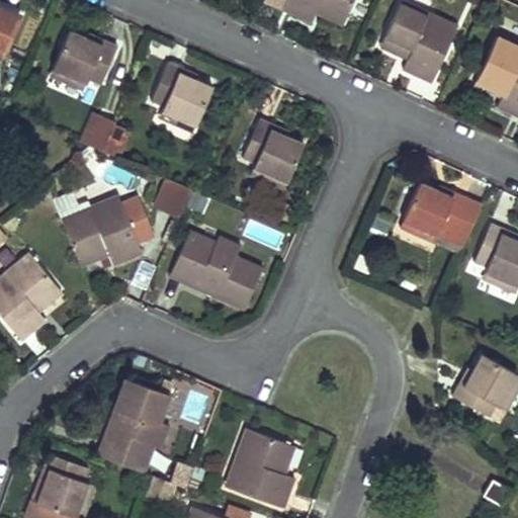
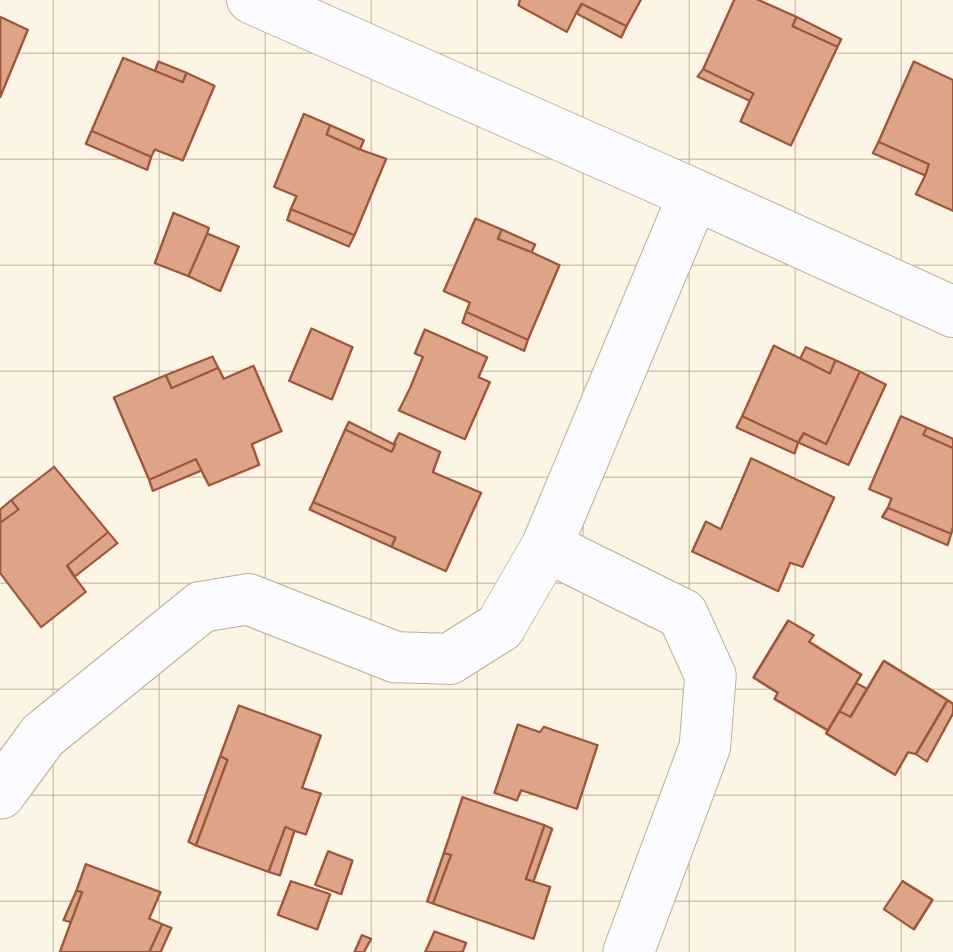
building: none -> [399,330,490,439]
building: none -> [692,458,834,591]
building: none -> [754,621,861,730]
building: none -> [495,725,597,809]

